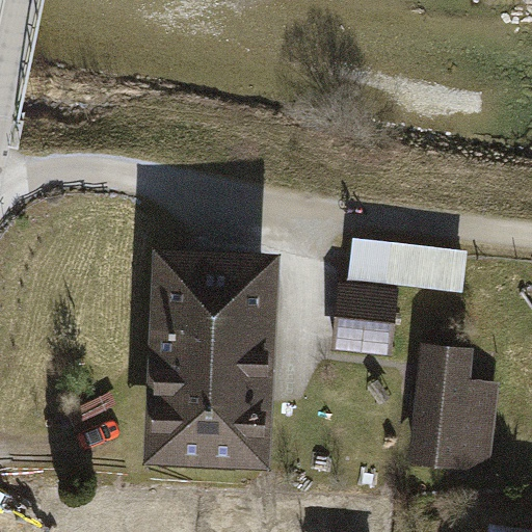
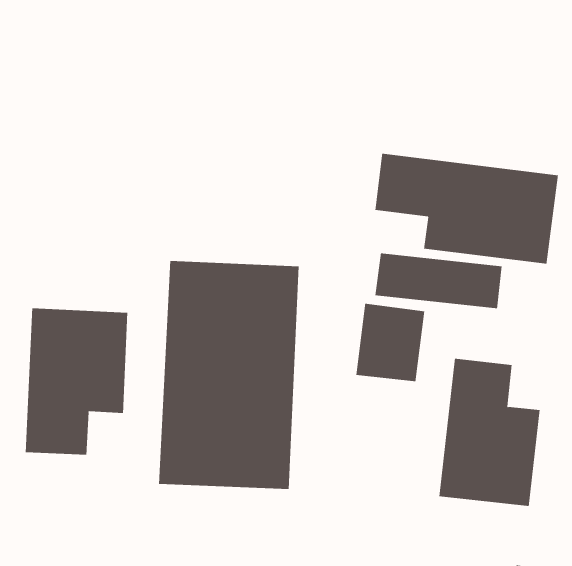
building: none -> [375,153,558,264]
building: none -> [25,308,128,456]

